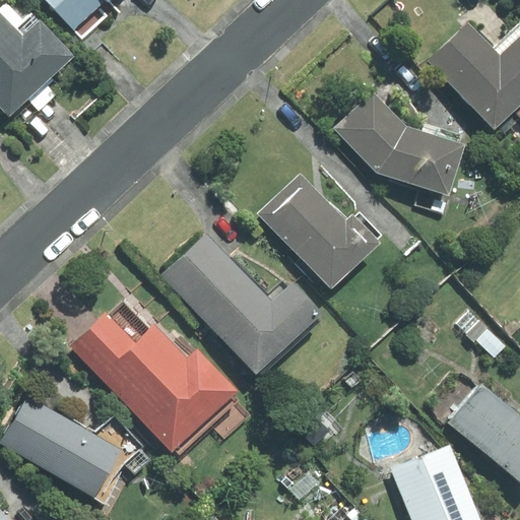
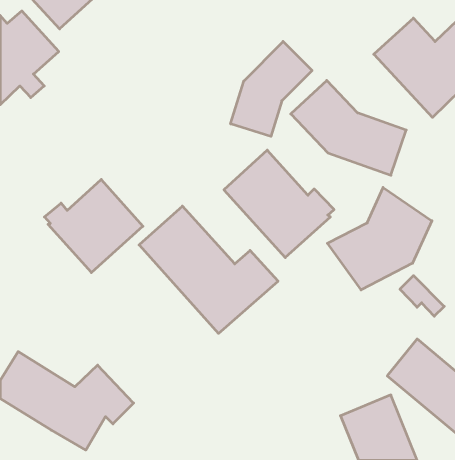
building: none -> [231,41,312,136]
building: none -> [44,179,143,273]
building: none -> [327,187,432,290]
building: [72,294,256,458] -> none

